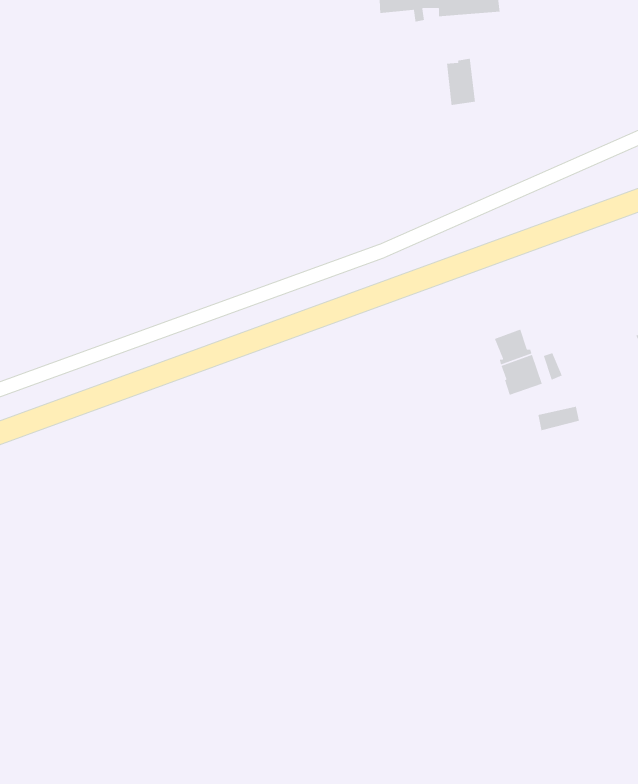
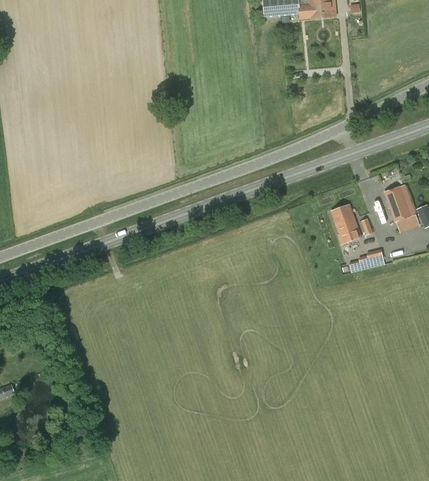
building: [446,58,476,106] -> none
building: none -> [383,185,411,230]

